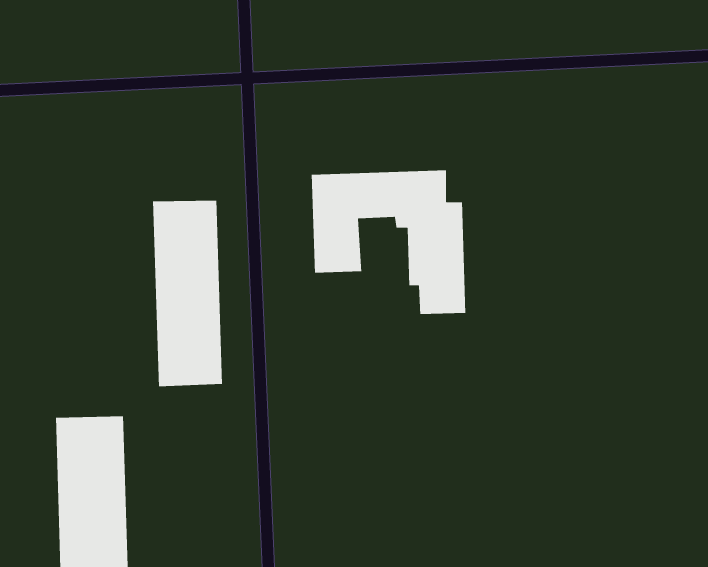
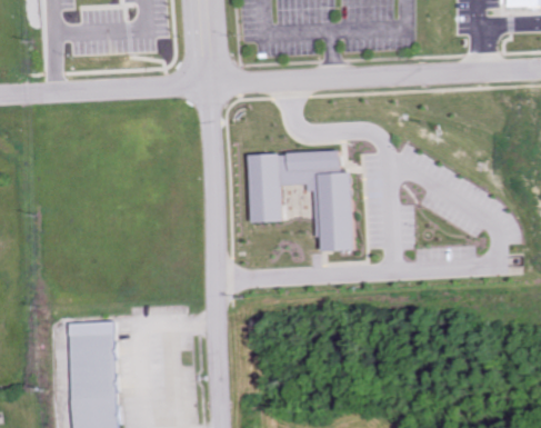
building: [152,200,223,387] -> none

